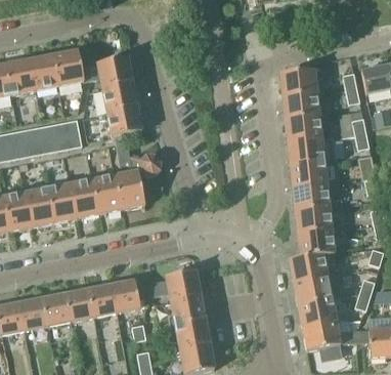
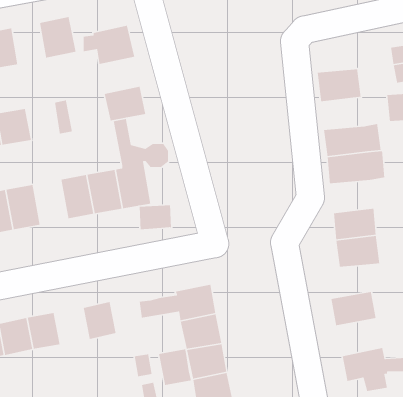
building: [32,54,59,89] -> none
building: [280,69,316,95] -> none
building: [103,83,137,113] -> none
building: [286,116,321,142] -> none
building: [43,120,71,152] -> none
building: [49,183,78,221] -> none
building: [293,184,330,211] -> none
building: none -> [139,205,172,230]
building: [290,254,328,282] -> none
building: [113,280,140,310] -> [158,349,192,386]
building: [67,289,95,320] -> none
building: [298,298,337,329] -> none

